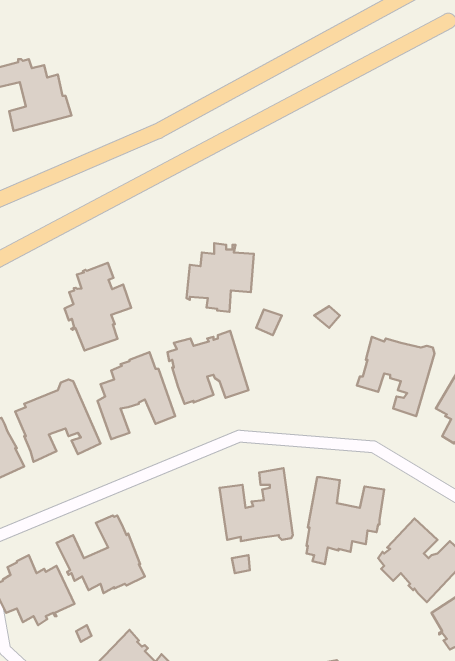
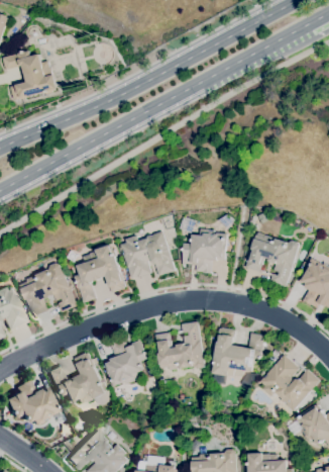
building: [187,243,254,312] -> [183,228,227,274]
building: [65,263,131,351] -> none
building: none -> [104,338,147,386]

